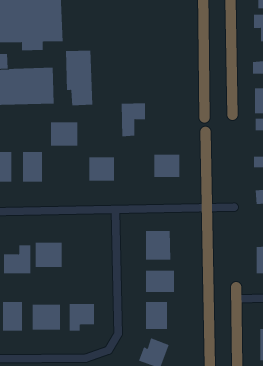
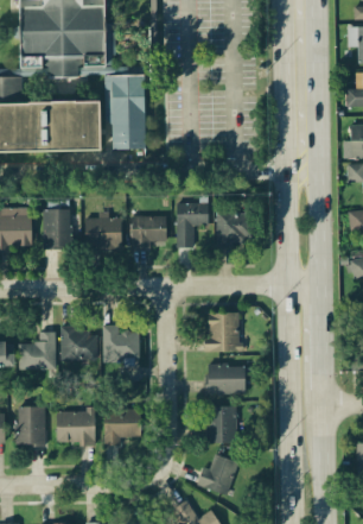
building: [121,103,146,137] -> [176,202,209,247]
building: [50,122,78,146] -> [85,214,122,246]
building: none -> [103,328,139,364]

